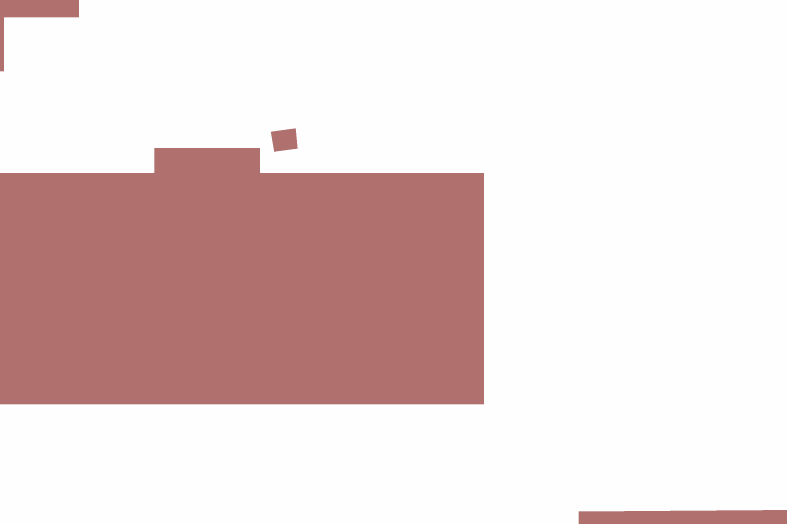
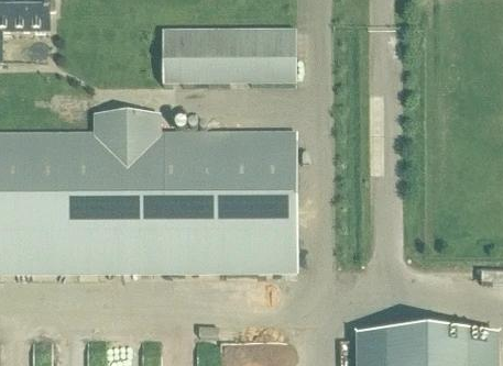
building: none -> [163,31,296,85]

